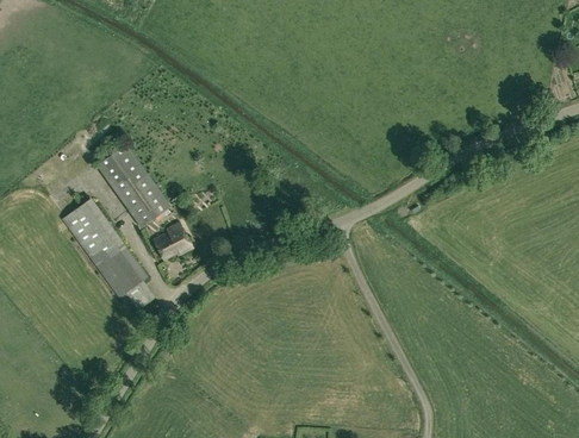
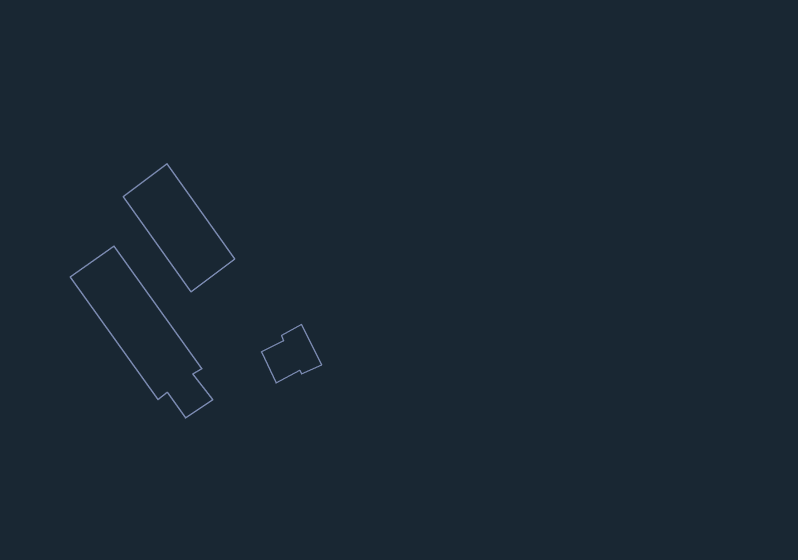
building: [154,221,193,259] -> [261,325,322,383]

